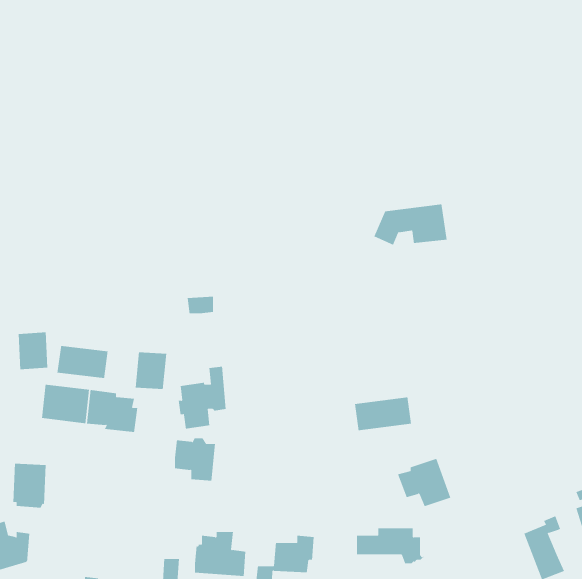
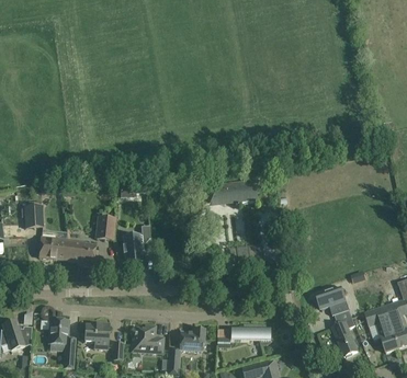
building: [374,204,447,245] -> [212,179,257,204]
building: [57,345,108,379] -> none
building: [174,438,216,481] -> [84,322,110,348]
building: [397,458,451,507] -> [316,285,349,314]
building: [12,463,47,508] -> [48,319,69,346]

